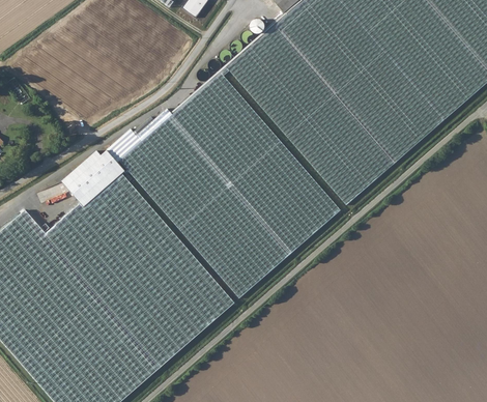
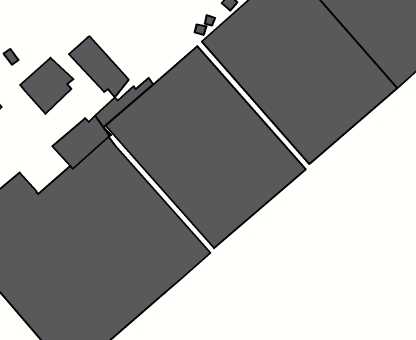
building: none -> [69,36,129,98]
building: none -> [20,58,73,114]

